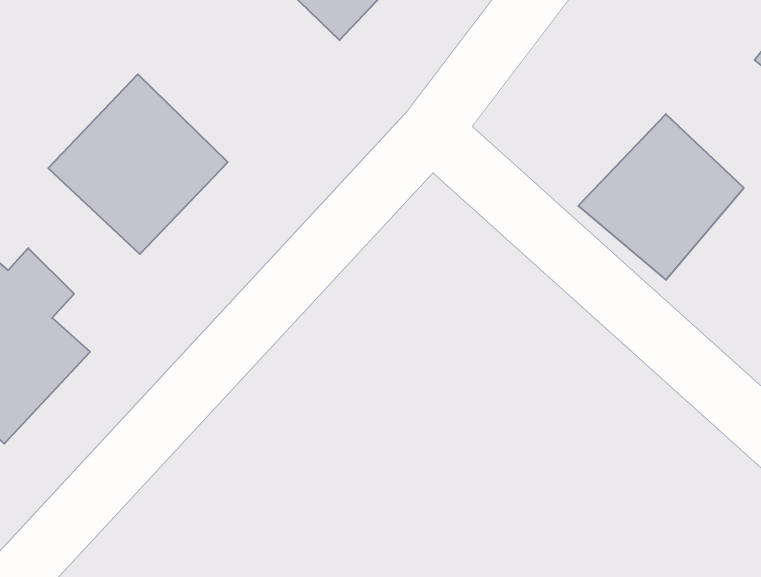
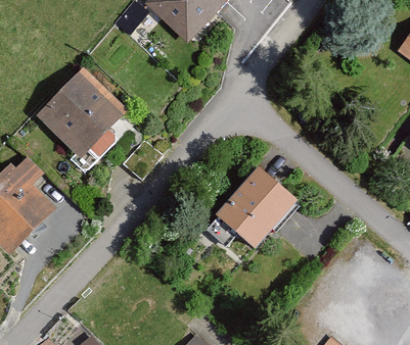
building: [578,114,744,280] -> [214,163,299,248]

